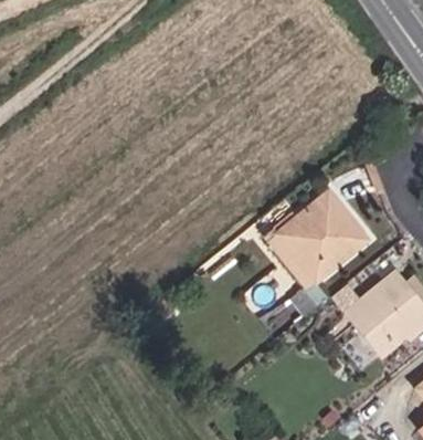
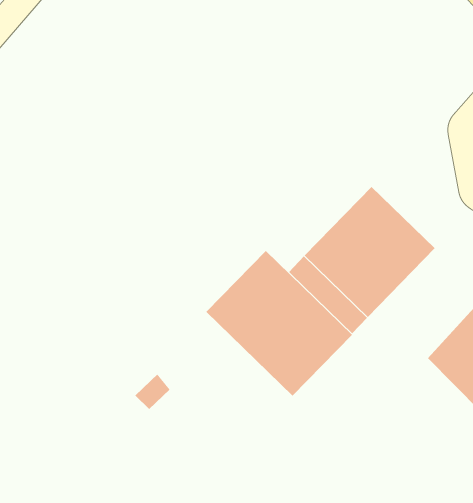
building: none -> [205,250,353,397]

